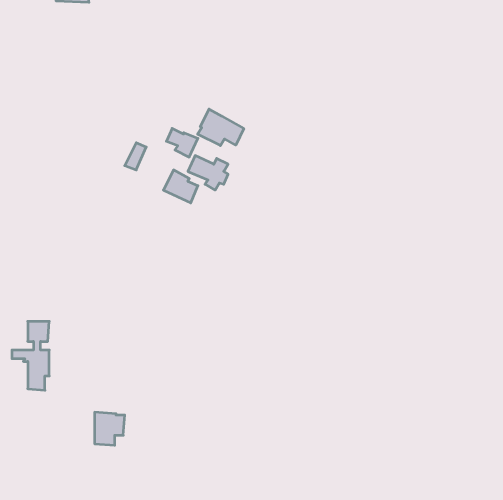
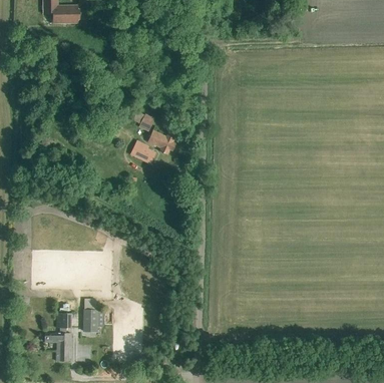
building: [198,109,244,146] -> none
building: [12,321,49,390] -> [46,313,72,361]

